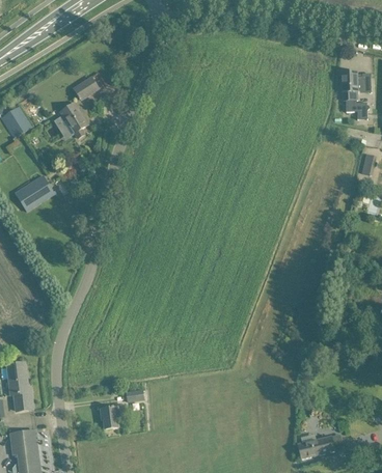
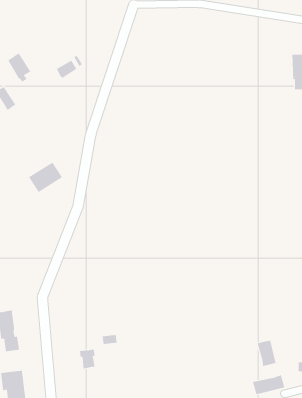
building: [61,103,88,137] -> [7,52,31,83]
building: [16,175,55,211] -> [28,162,63,193]
building: none -> [257,340,276,367]

